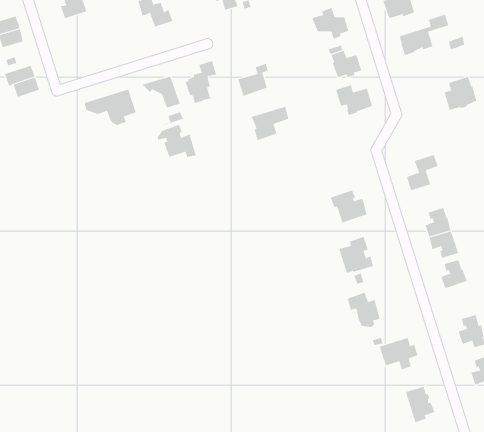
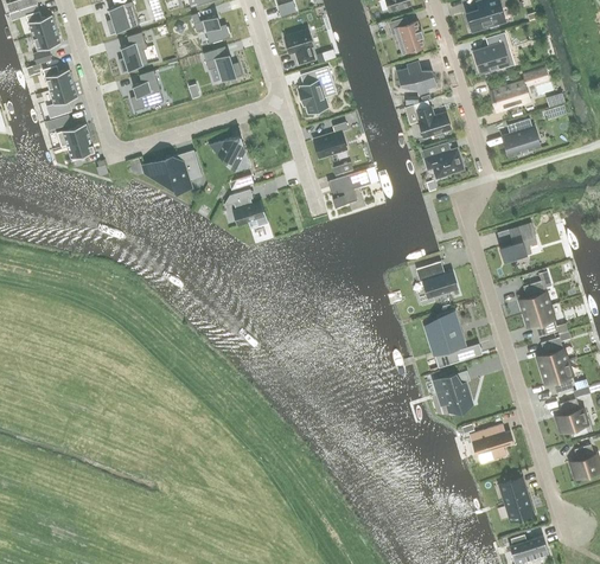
building: none -> [130,70,164,110]
building: [185,61,217,104] -> [298,65,333,113]
building: [444,76,477,111] -> [502,117,538,155]
building: none -> [542,361,573,392]

